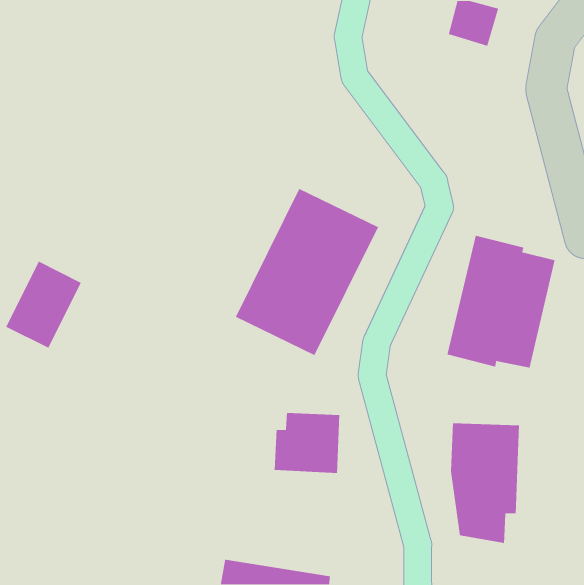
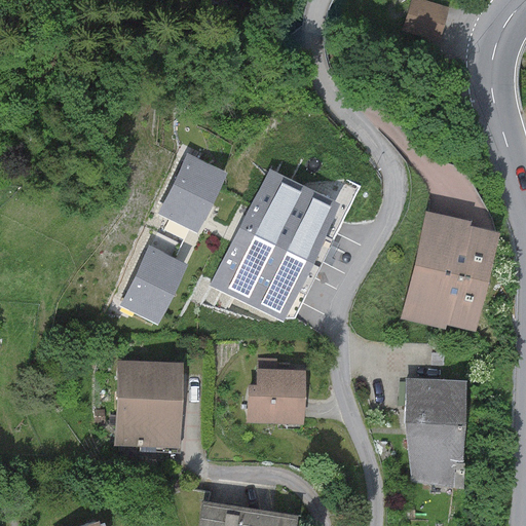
building: none -> [157,154,227,233]
building: [5,261,82,349] -> [119,247,188,326]
building: none -> [114,361,184,449]

